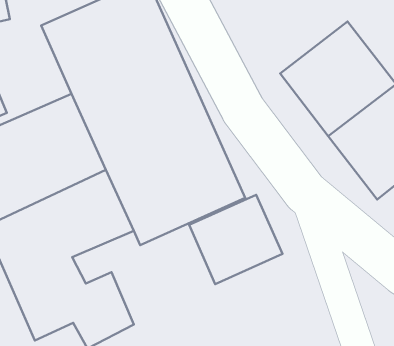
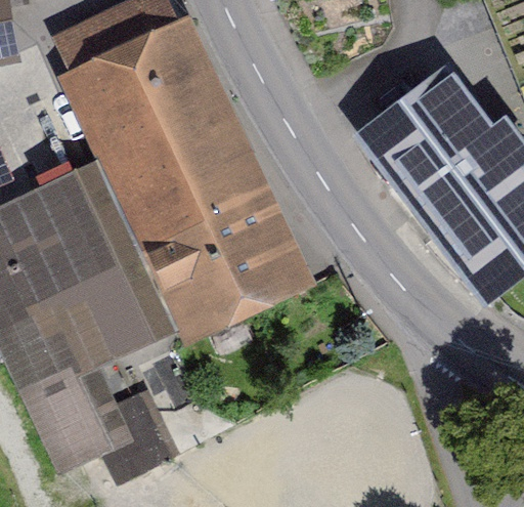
building: [189,195,283,284] -> none

